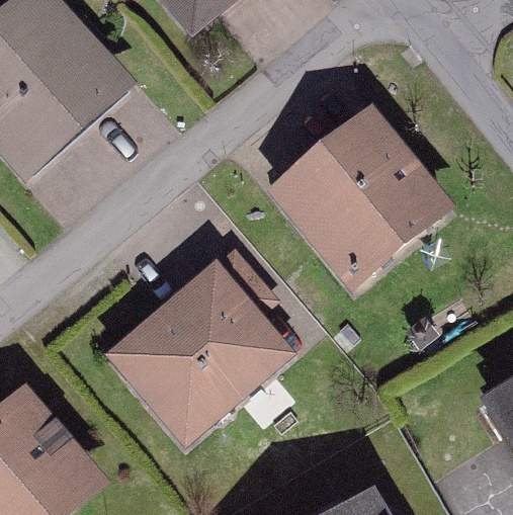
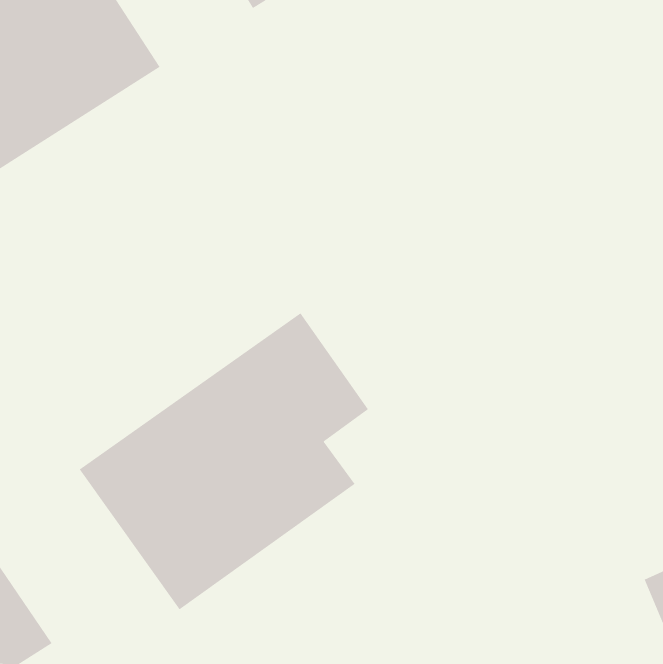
building: [272,111,450,287] -> none

